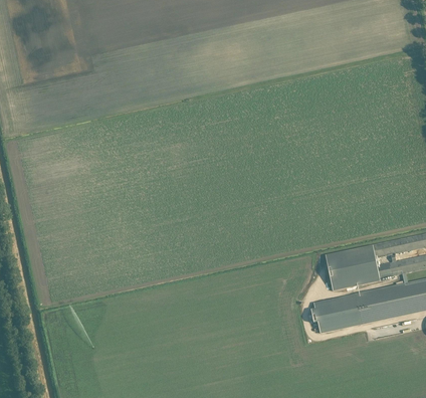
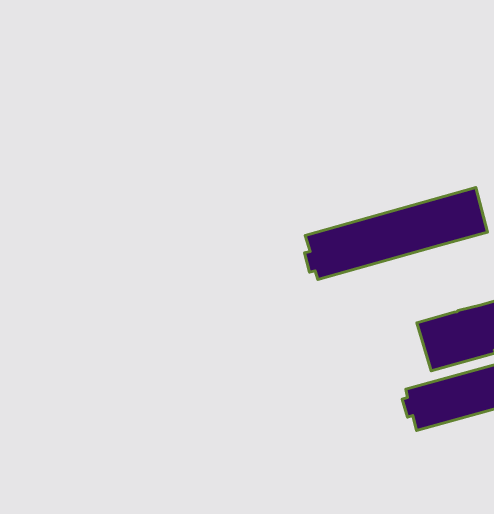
building: none -> [305,188,488,279]

